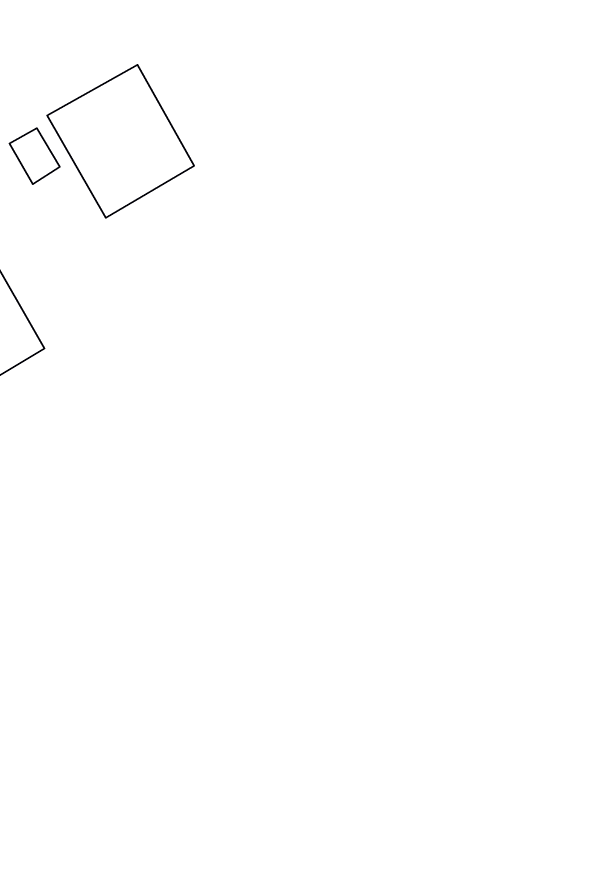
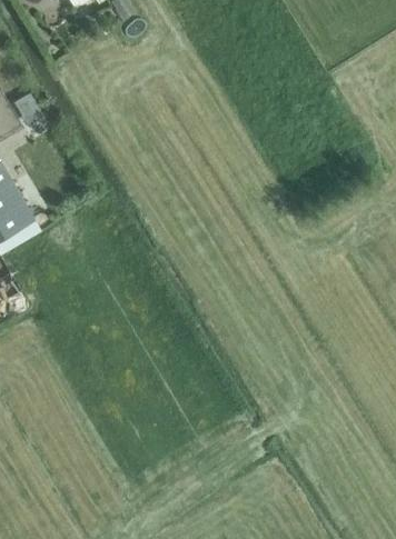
building: [47,65,194,218] -> none

